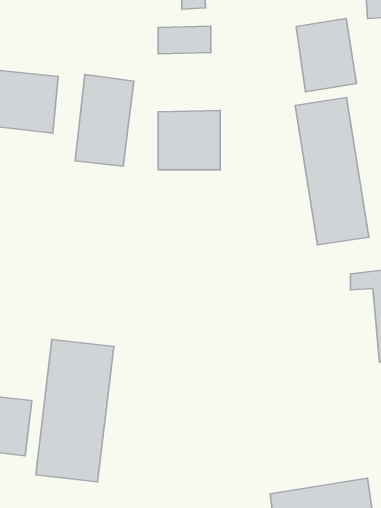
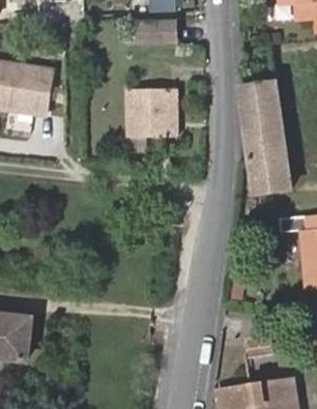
building: [296,18,357,92] -> none
building: [75,74,134,166] -> none
building: [36,340,114,482] -> none

